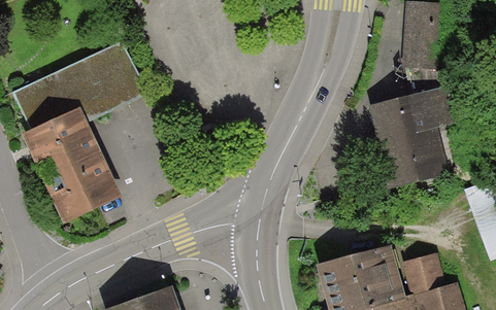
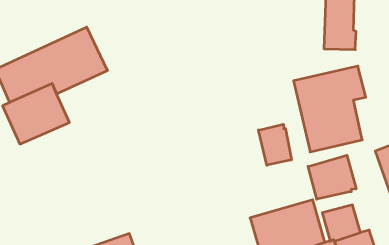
building: [42,153,122,223] -> none
building: none -> [258,124,291,165]
building: none -> [308,155,356,199]

